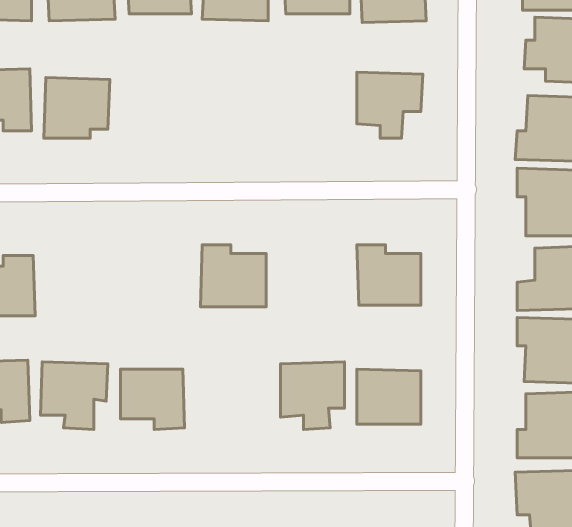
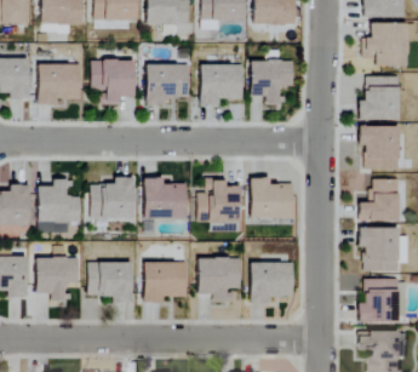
building: none -> [91,59,133,104]
building: none -> [145,63,189,105]
building: none -> [199,63,242,104]
building: none -> [91,176,134,219]
building: none -> [197,177,241,231]
building: none -> [38,178,81,233]
building: none -> [143,262,188,303]

